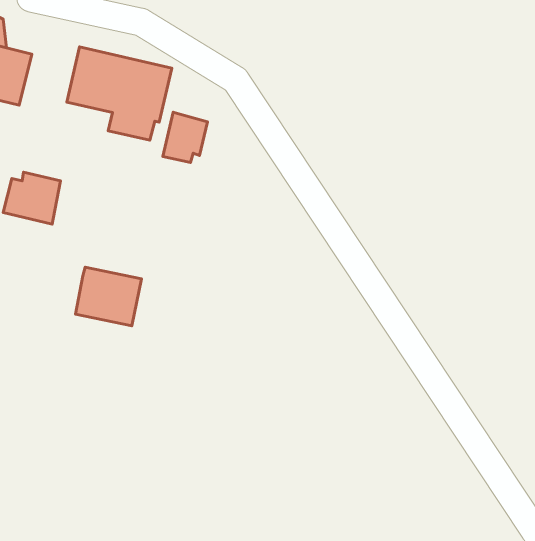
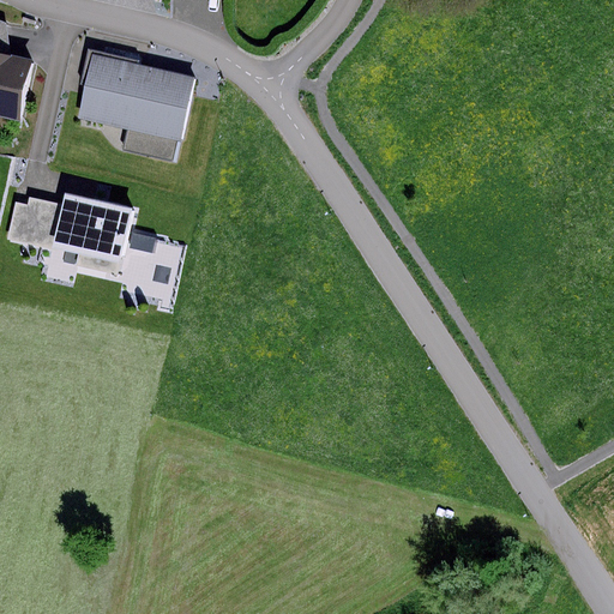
building: [163,112,208,163] -> none
building: [76,267,141,326] -> [60,194,134,260]

